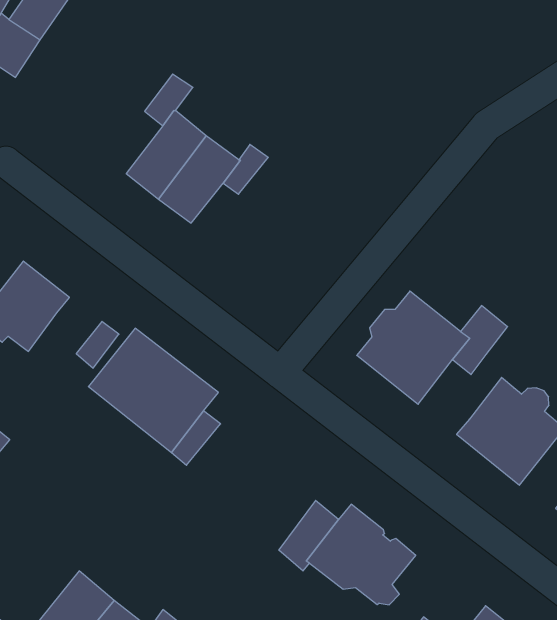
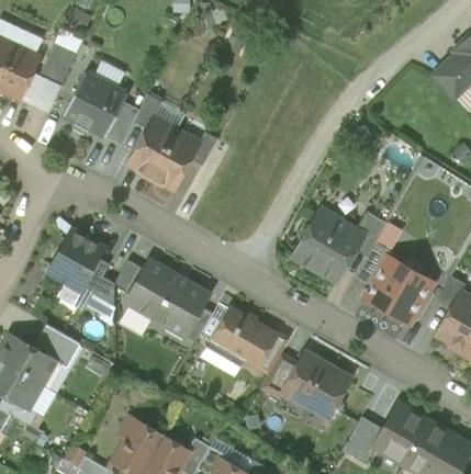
building: none -> [67,77,137,151]
building: none -> [83,259,114,307]
building: none -> [356,244,399,286]
building: none -> [204,309,277,373]

